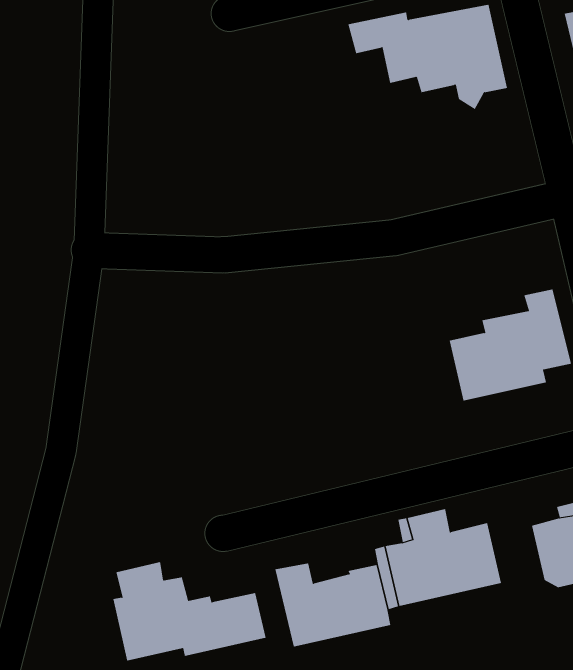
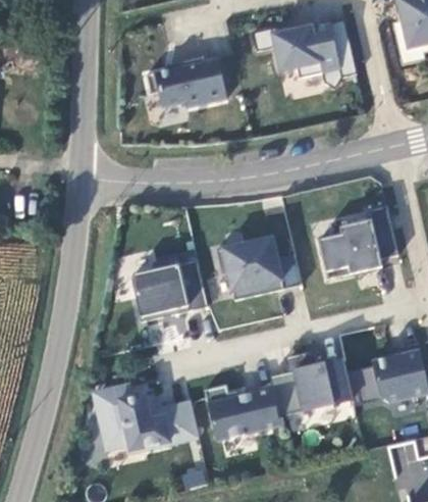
building: none -> [145,57,225,107]
building: none -> [215,237,301,300]
building: none -> [130,256,207,320]

